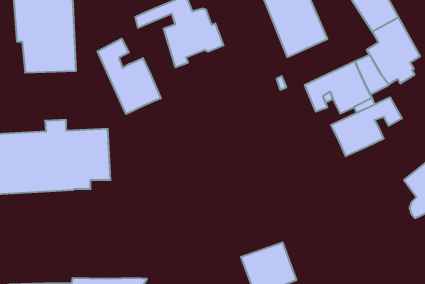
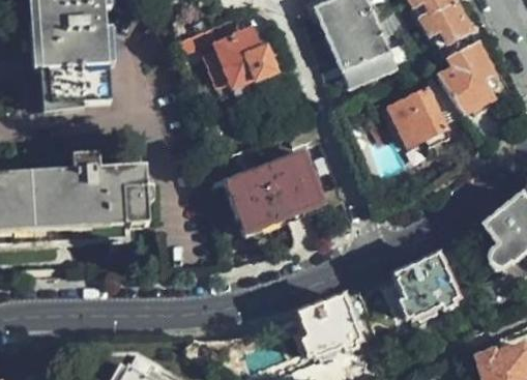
building: [98,39,161,114] -> none
building: [331,97,402,156] -> none
building: none -> [227,144,339,229]
building: none -> [392,251,458,316]

